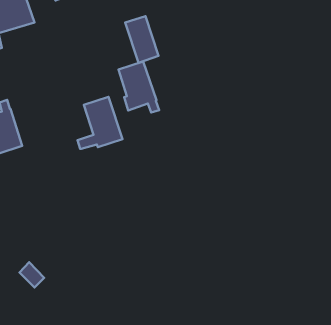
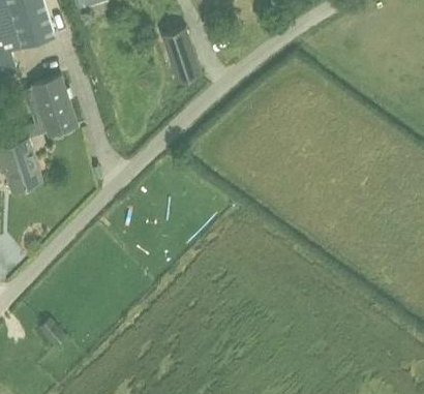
building: [119,61,159,113] -> none
building: [78,97,123,149] -> [24,78,77,139]

